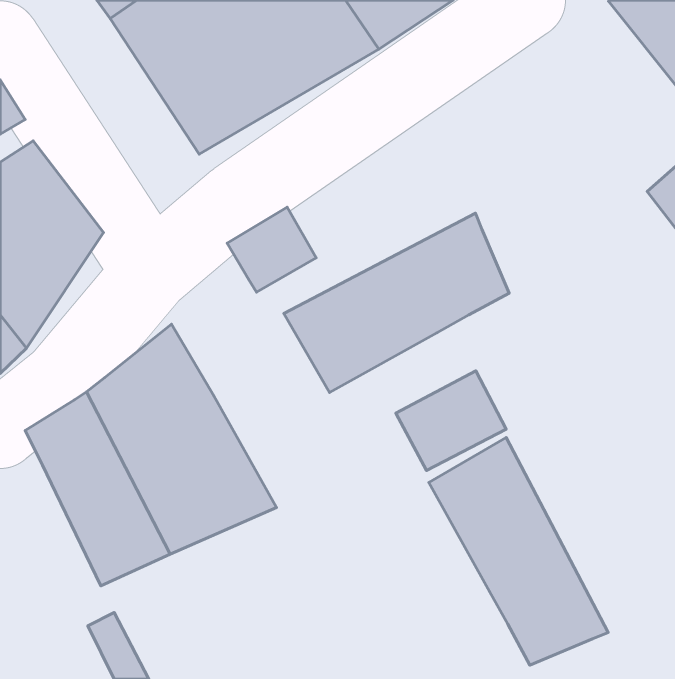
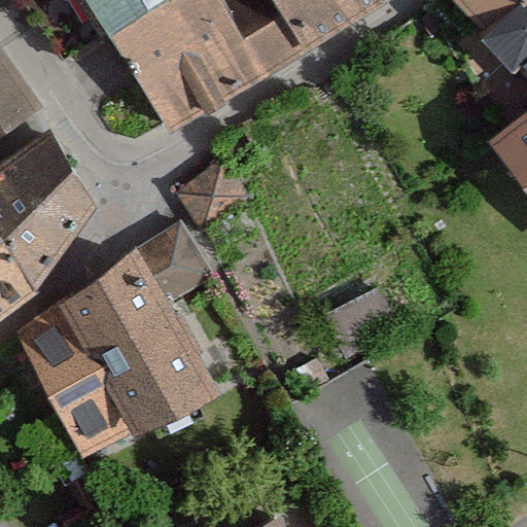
building: [284,213,509,393] -> none
building: none -> [136,222,217,307]
building: [429,437,608,665] -> none

